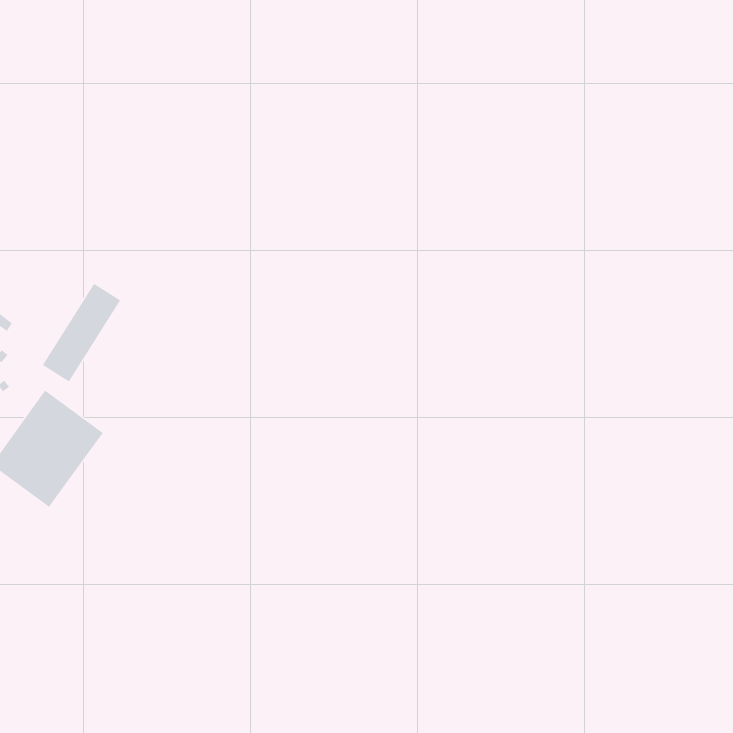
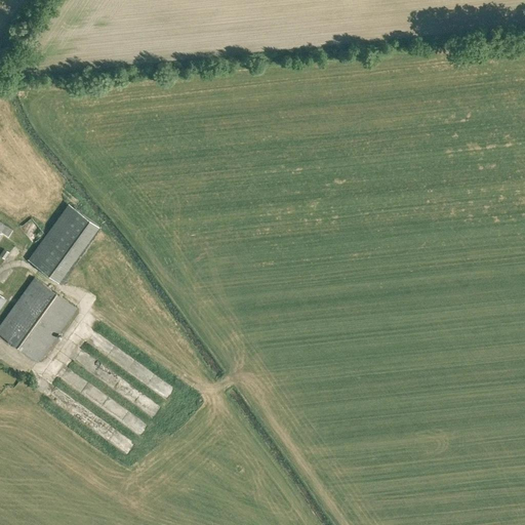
building: none -> [48,217,100,284]

